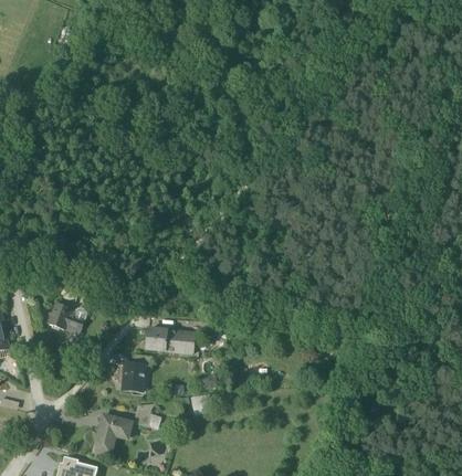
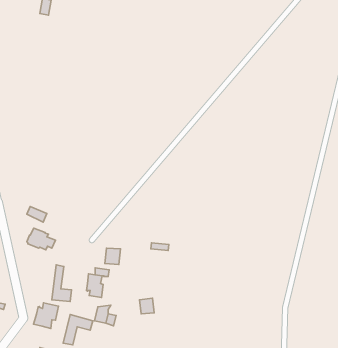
building: [165,330,195,353] -> none
building: none -> [52,265,72,302]
building: none -> [34,303,59,328]

